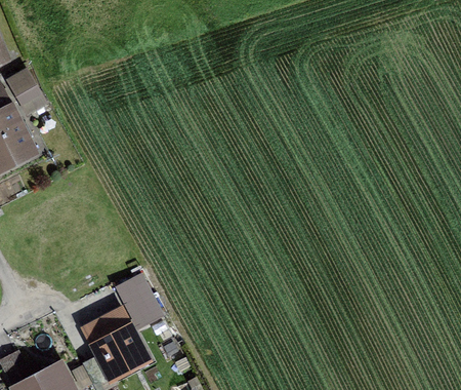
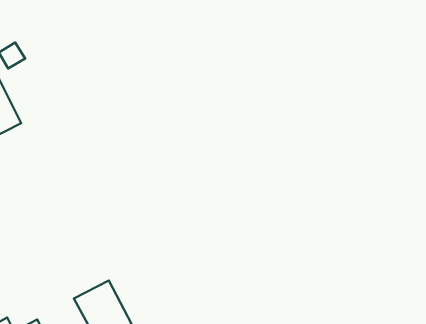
building: [117,277,161,329] -> none

